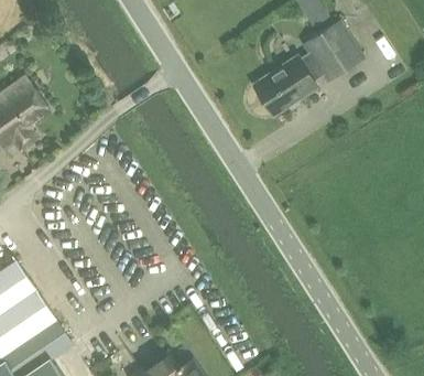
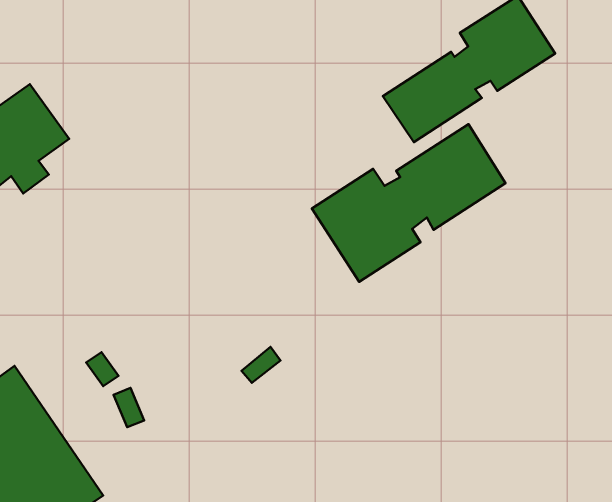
building: none -> [312,124,506,282]

